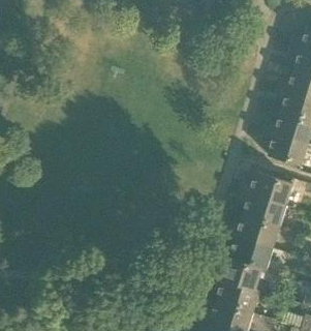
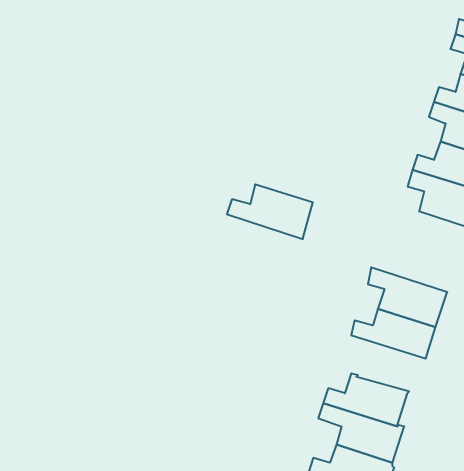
building: [241,172,294,206] -> [227,184,313,239]
building: [225,233,275,270] -> none

